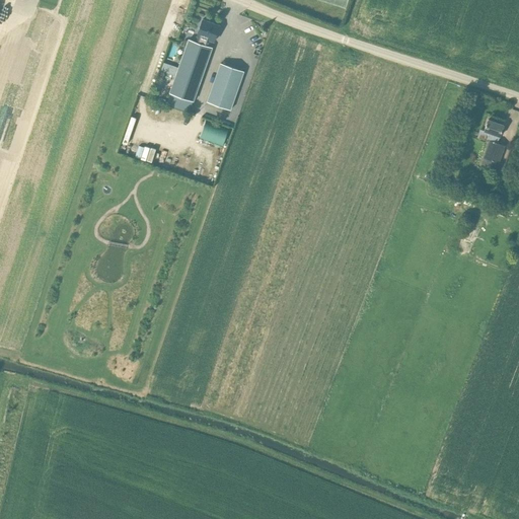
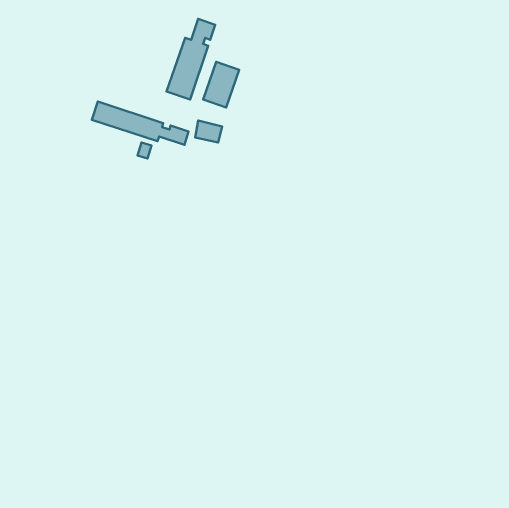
building: none -> [92,101,189,145]
building: [480,121,505,170] -> none

